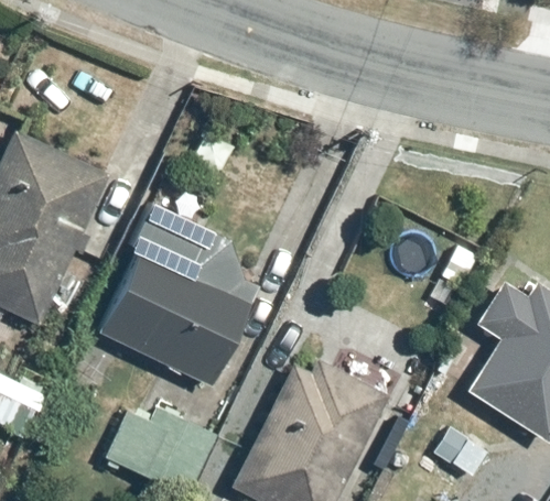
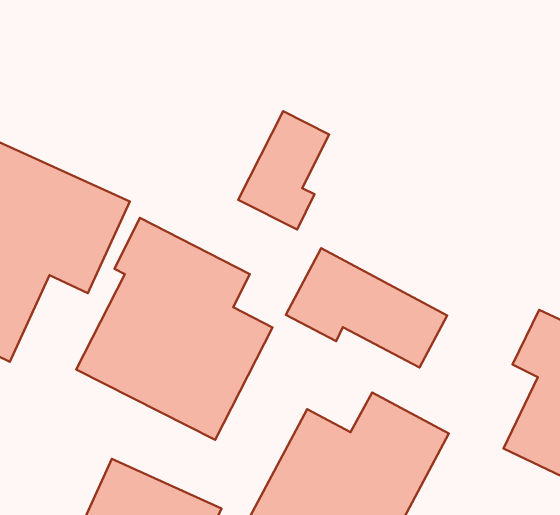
building: none -> [238,111,329,230]
building: none -> [286,248,447,368]

